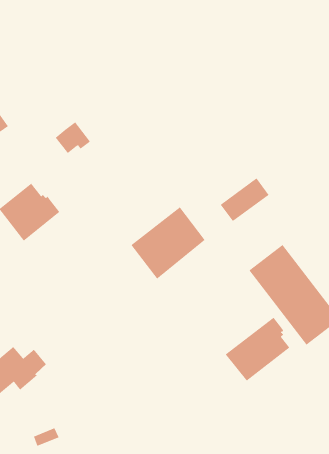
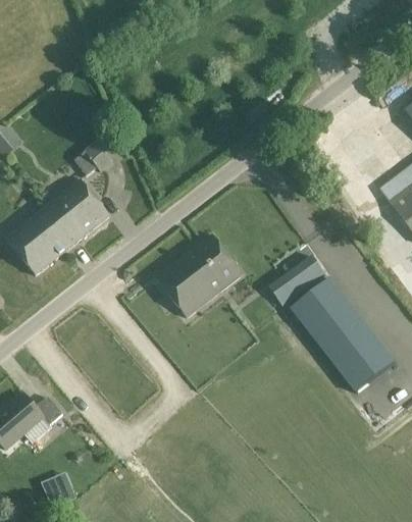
building: none -> [45,178,108,241]
building: [220,178,269,222] -> [269,255,325,305]
building: [225,317,290,381] -> none

